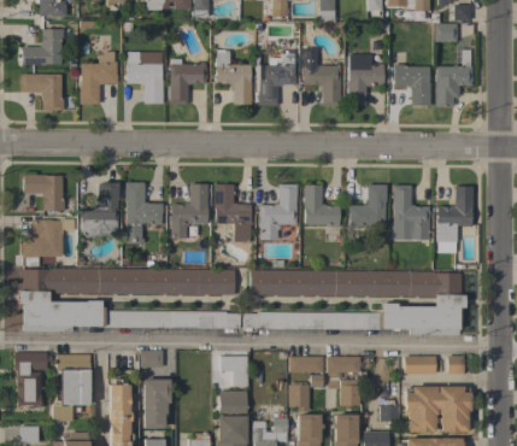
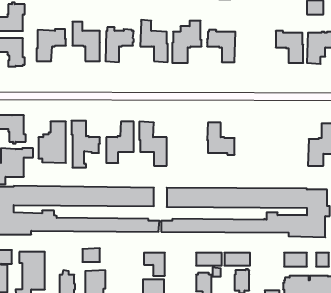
building: [348,54,383,106] -> none
building: [259,183,298,240] -> none
building: [348,183,387,225] -> none
building: [393,184,430,240] -> none

